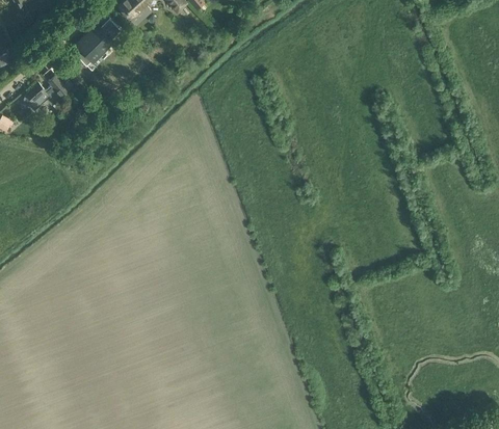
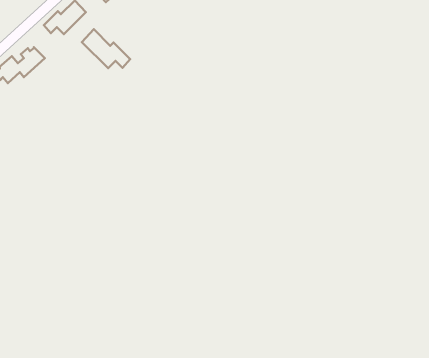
building: none -> [82,29,130,68]

